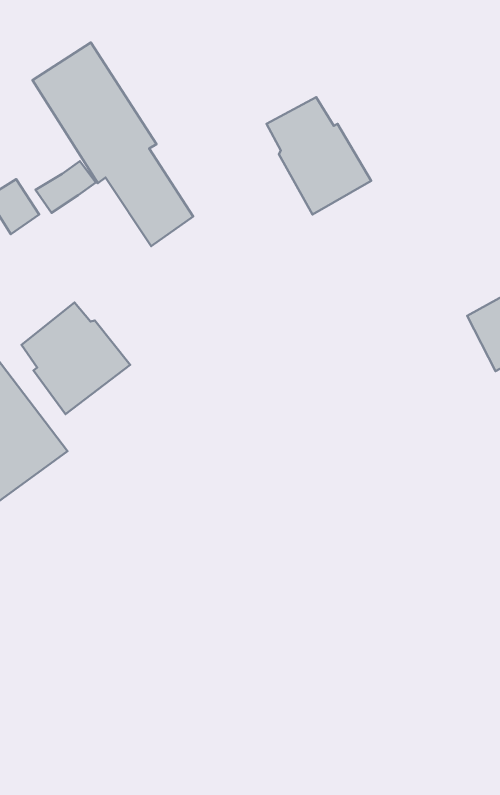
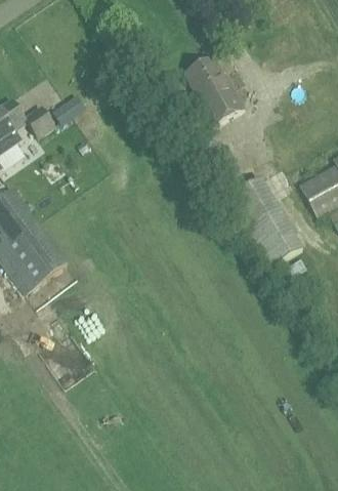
building: [32,42,193,246] -> none
building: [22,303,130,414] -> none

